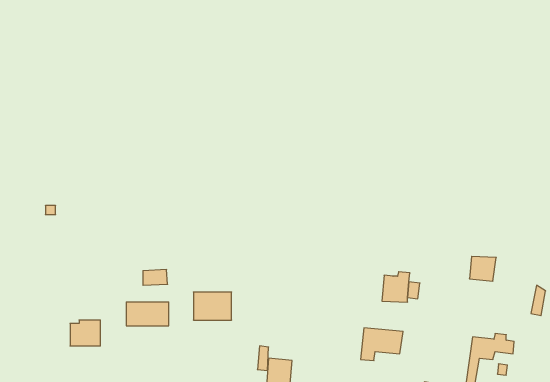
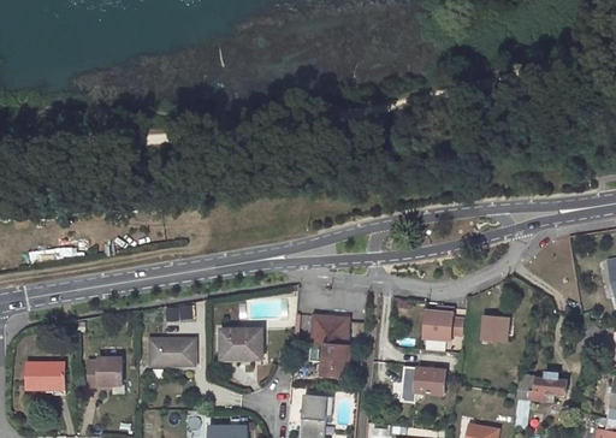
building: [469,256,496,281] -> [481,315,510,342]
building: none -> [309,315,350,377]
building: none -> [26,362,65,389]

